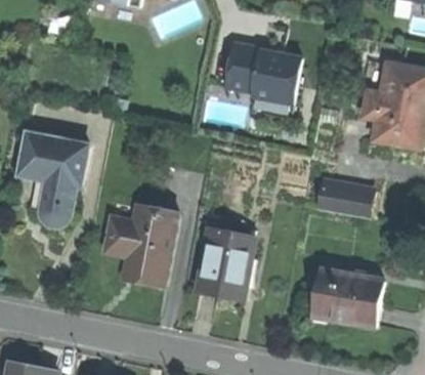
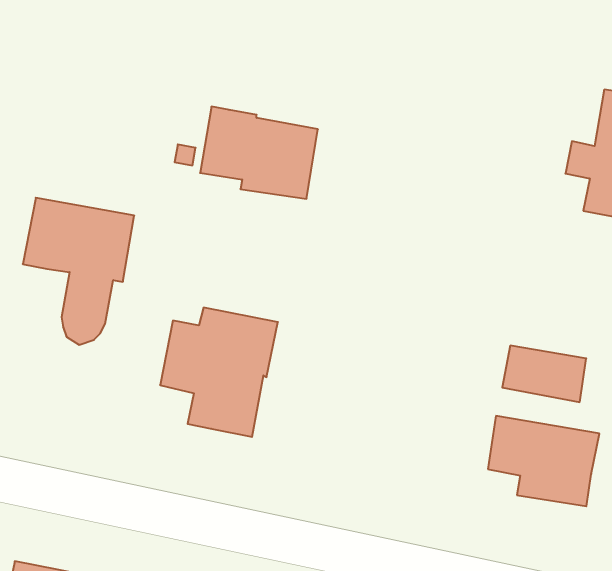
building: [225,45,300,103] -> [200,107,318,199]
building: [317,182,371,218] -> [502,346,586,402]
building: [197,226,257,302] -> none

